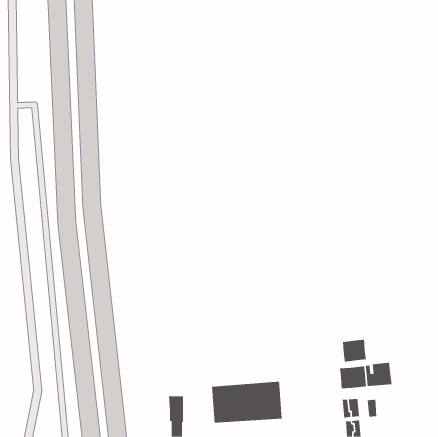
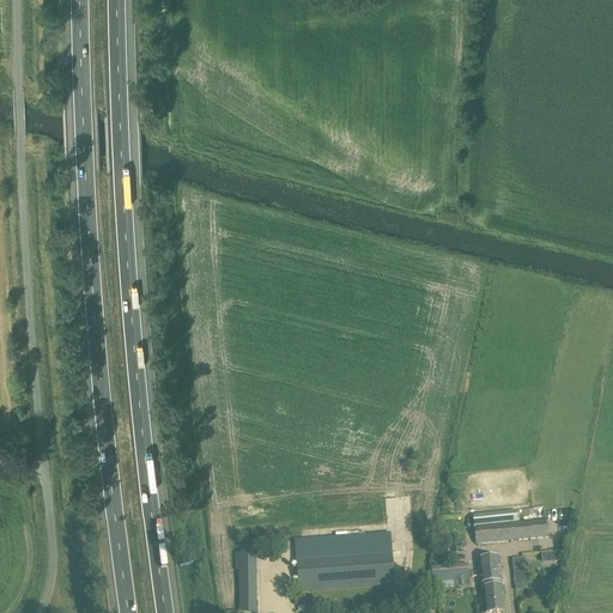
building: [343,339,366,362] -> none
building: none -> [431,564,471,588]

